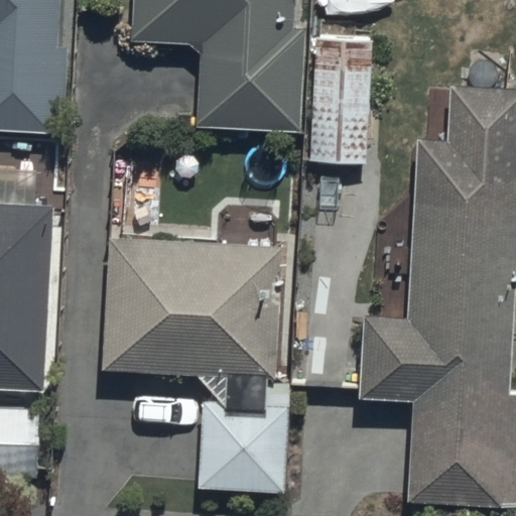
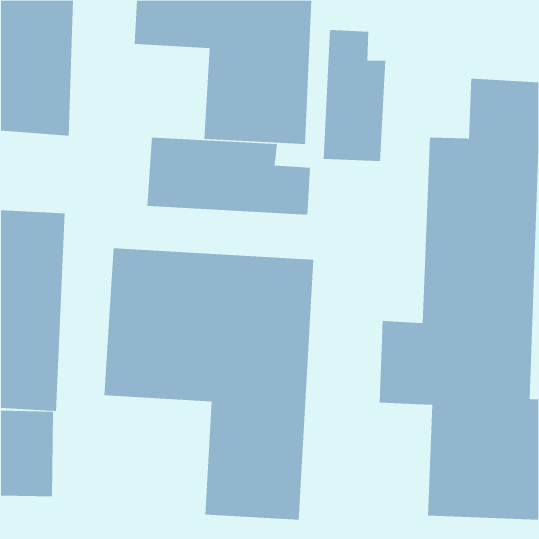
building: none -> [147,137,310,216]

